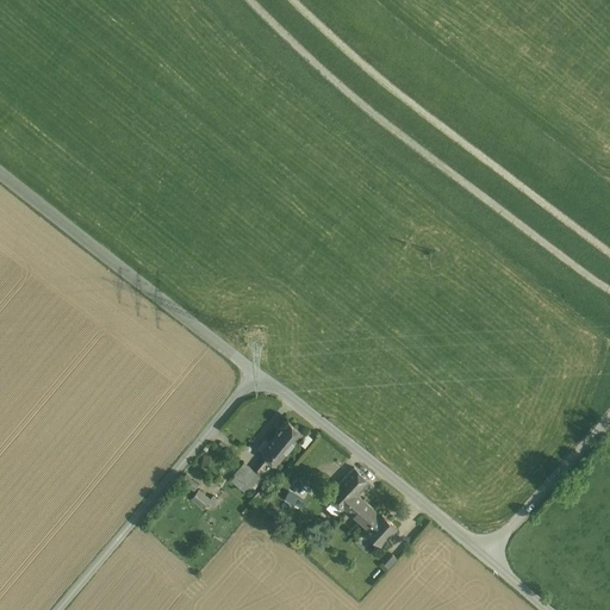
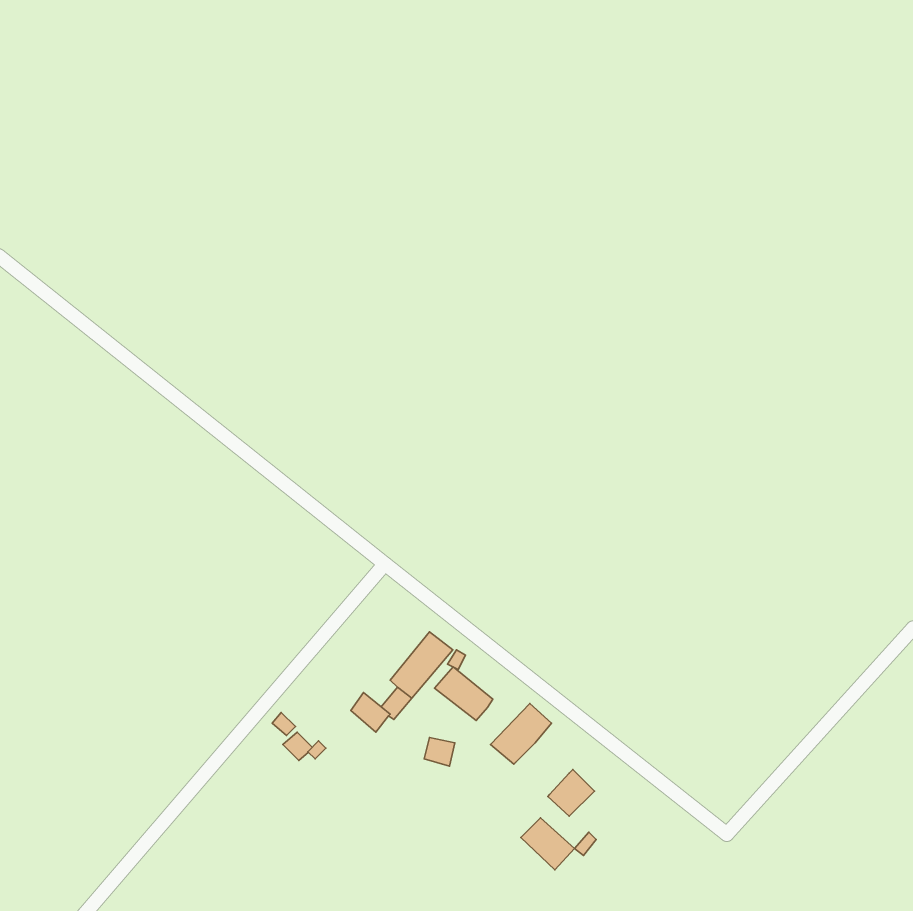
building: none -> [435,667,493,720]
building: [343,497,379,531] -> [521,818,575,870]

